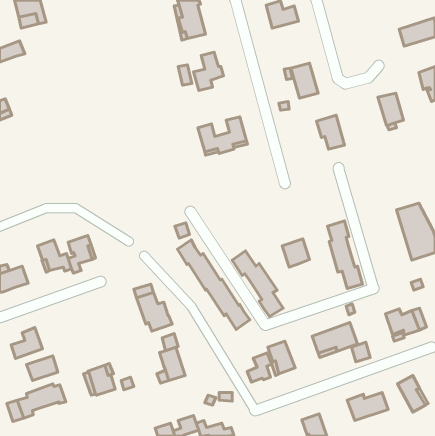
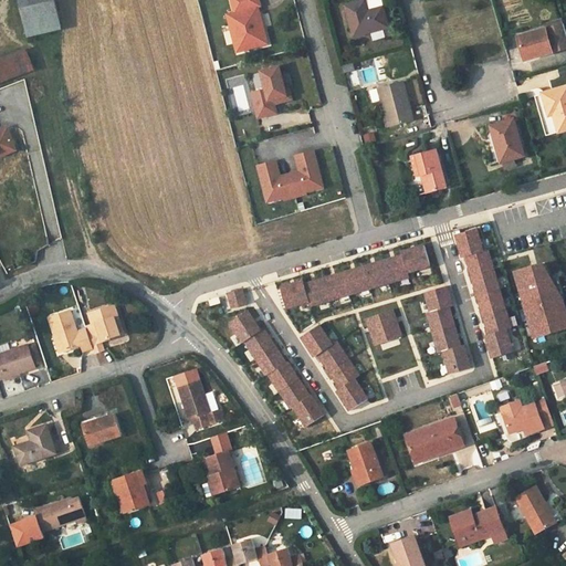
building: none -> [455,229,513,358]
building: none -> [280,245,430,308]
building: [247,353,272,382] -> none
building: [26,356,58,381] -> [81,413,122,446]

